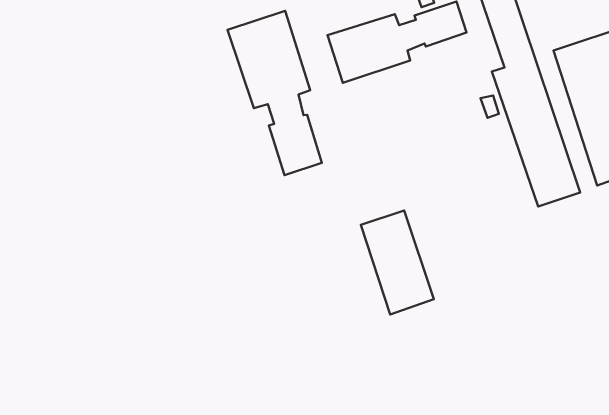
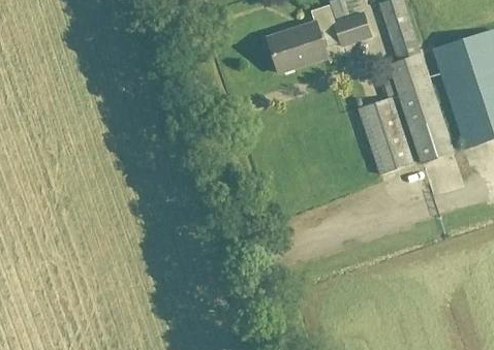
building: [228,11,322,175] -> none
building: [361,211,434,315] -> [356,98,409,174]

